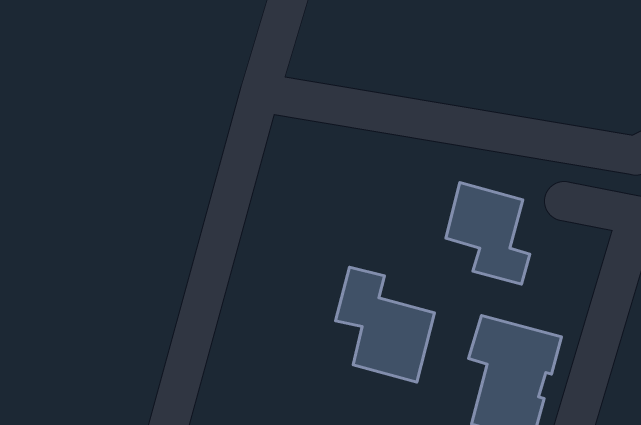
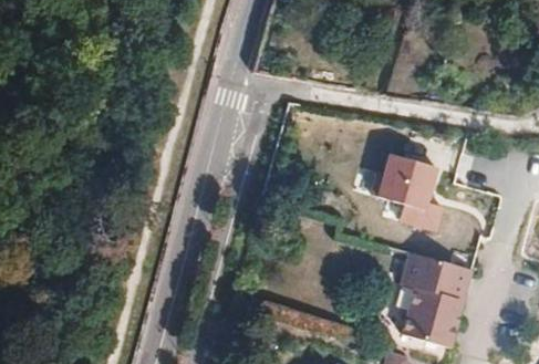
building: [335,267,435,382] -> none

